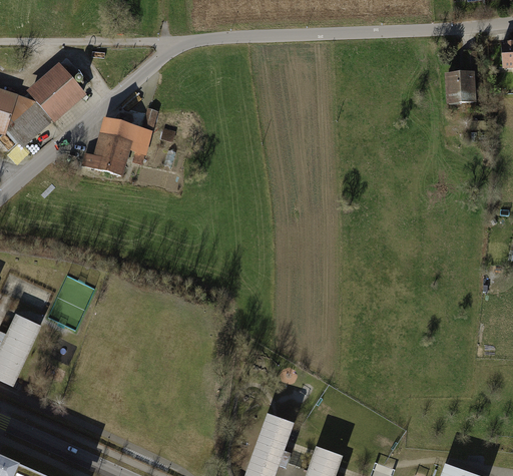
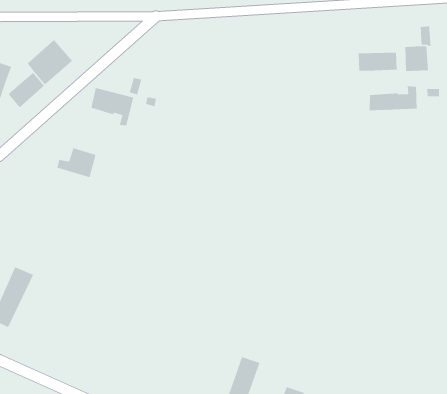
building: none -> [358,52,398,71]
building: [8,96,38,122] -> none
building: none -> [369,86,417,111]
building: [83,142,127,176] -> [57,147,97,178]

